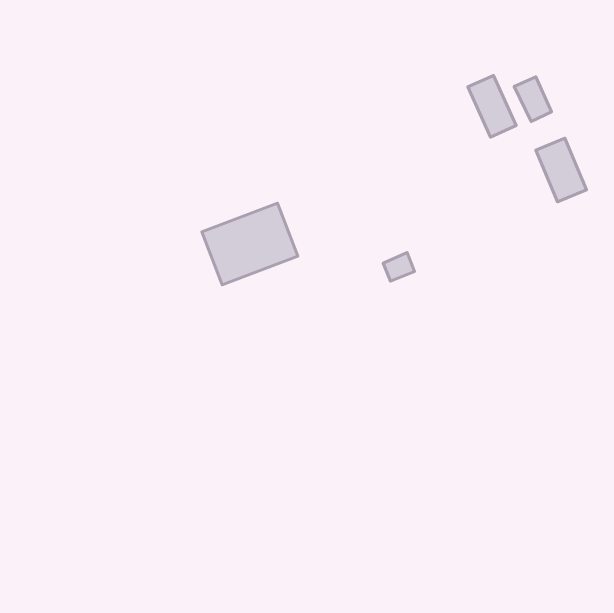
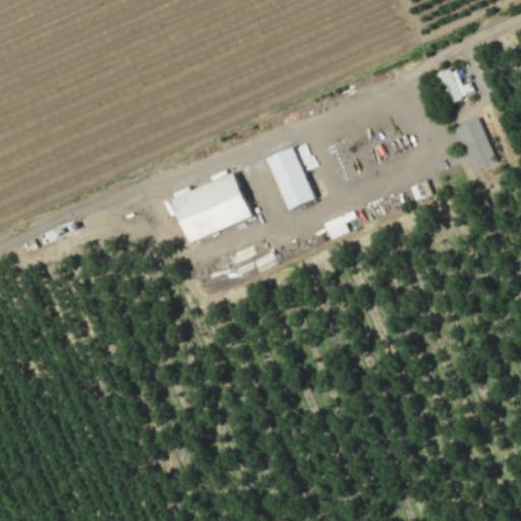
building: [468,75,516,137] -> none
building: none -> [267,146,314,210]

